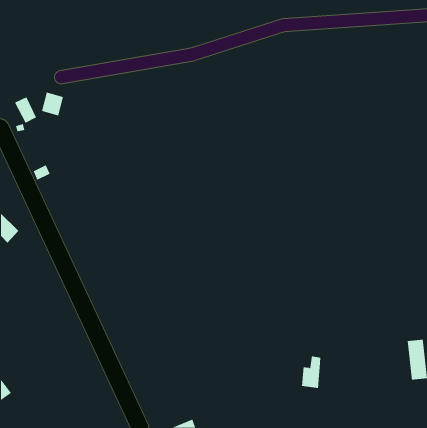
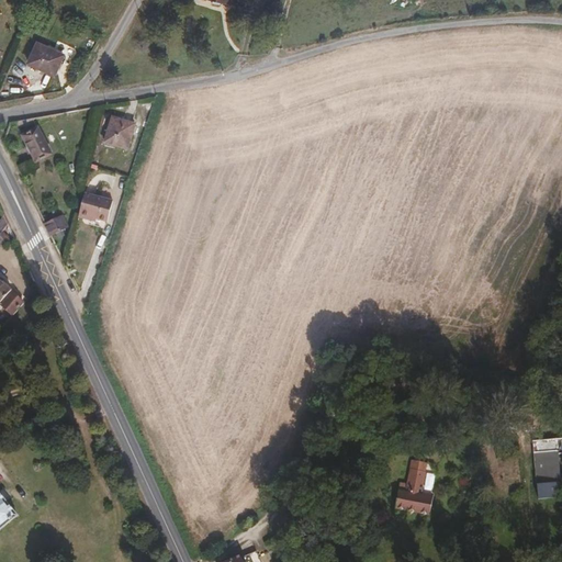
building: none -> [27,42,63,75]
building: [41,92,64,116] -> [104,115,134,147]
building: none -> [76,188,110,218]

